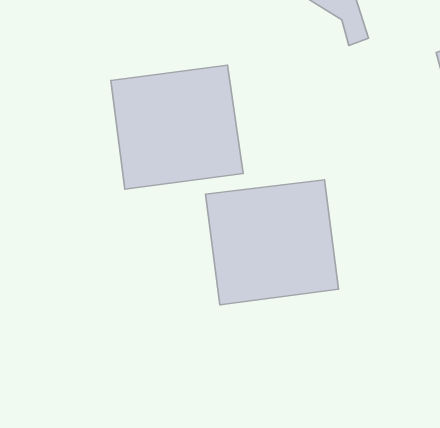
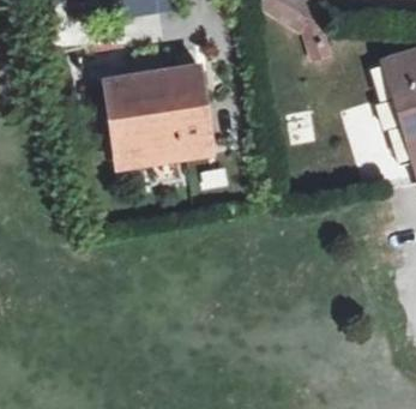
building: [205,180,339,305] -> none

